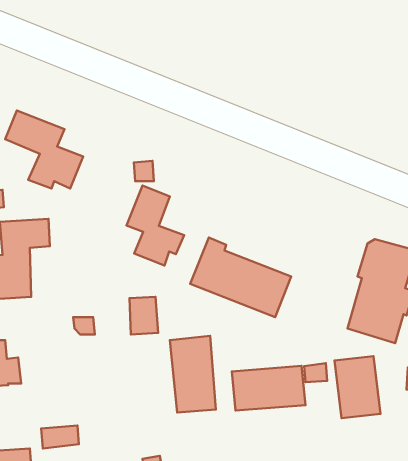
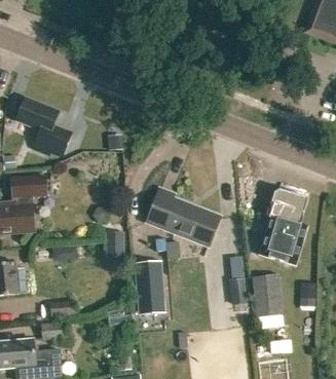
building: [126,185,184,265] -> none
building: [232,366,305,411] -> none

